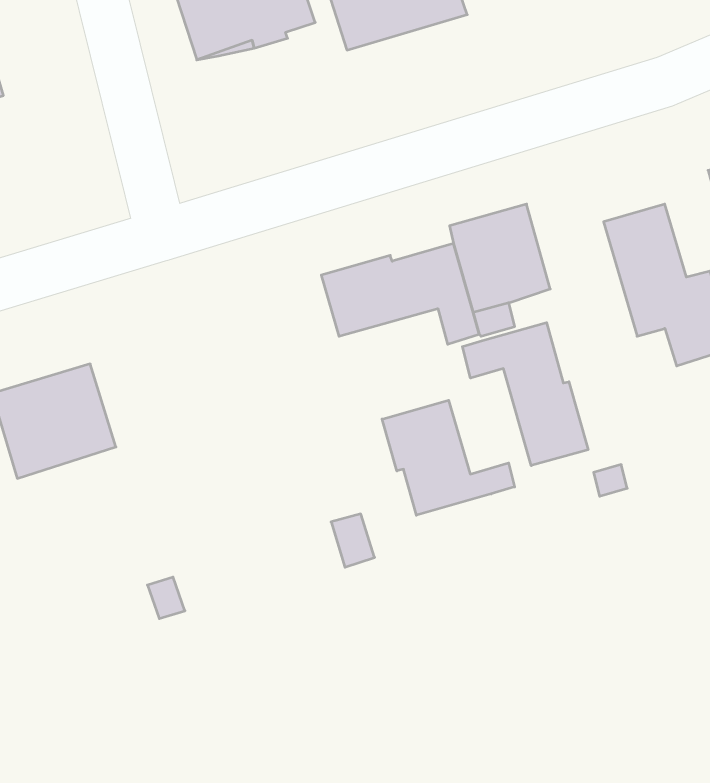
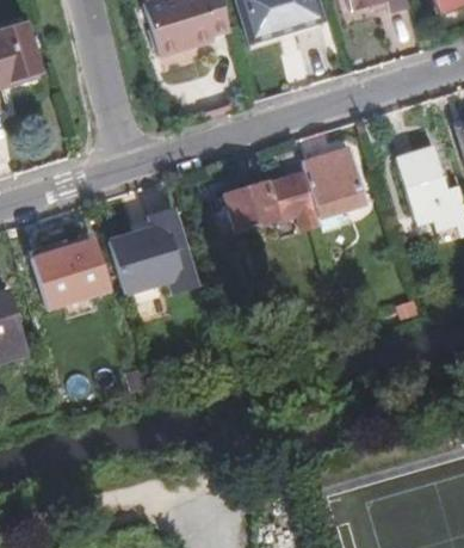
building: none -> [109,211,196,296]
building: [462,323,588,466] -> none
building: [382,400,515,515] -> none

